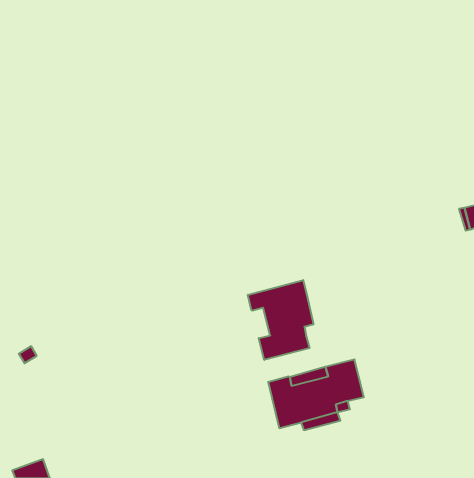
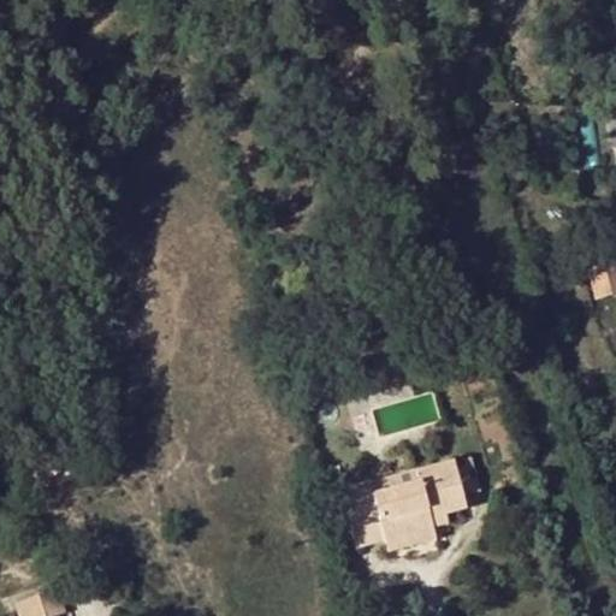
building: [248,280,313,360] -> none

